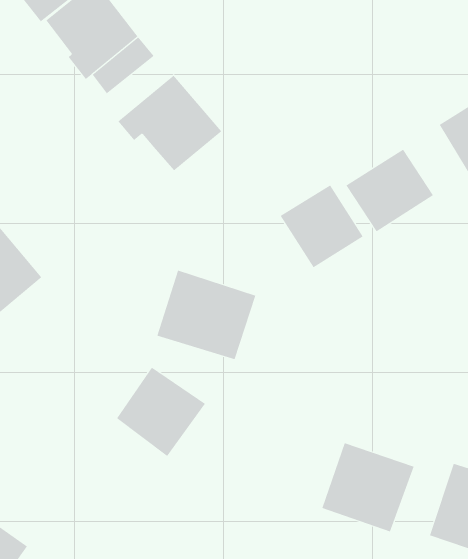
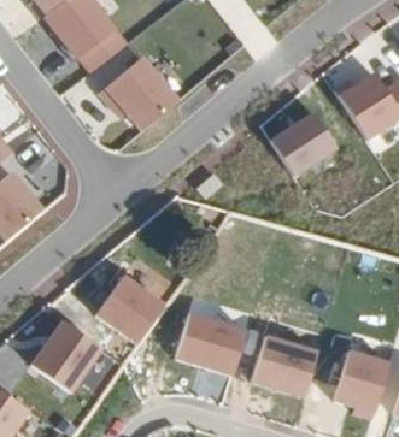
building: [280,184,364,268] -> none
building: [157,270,256,360] -> [175,309,250,377]
building: none -> [30,320,100,390]

